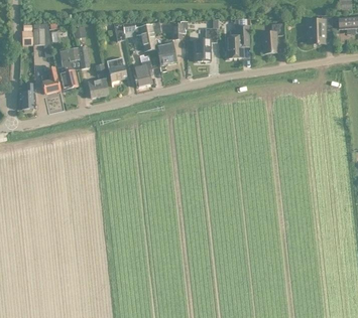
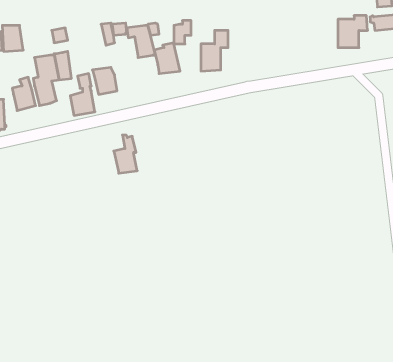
building: [262,23,283,53] -> none
building: [226,26,249,58] -> none
building: [132,54,151,86] -> [114,135,137,173]

